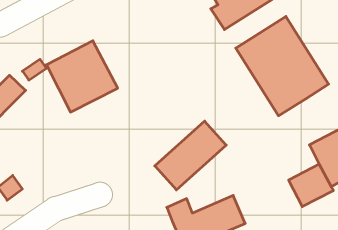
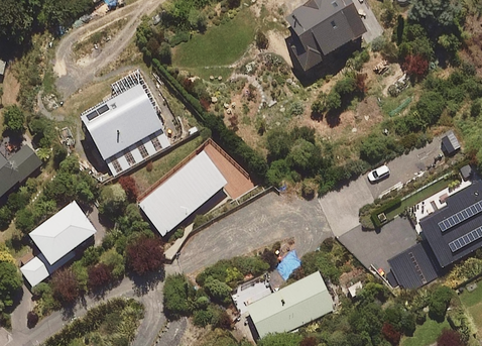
building: [236,16,329,116] -> none
building: [155,121,226,190] -> [141,148,231,235]
building: none -> [29,198,99,264]

